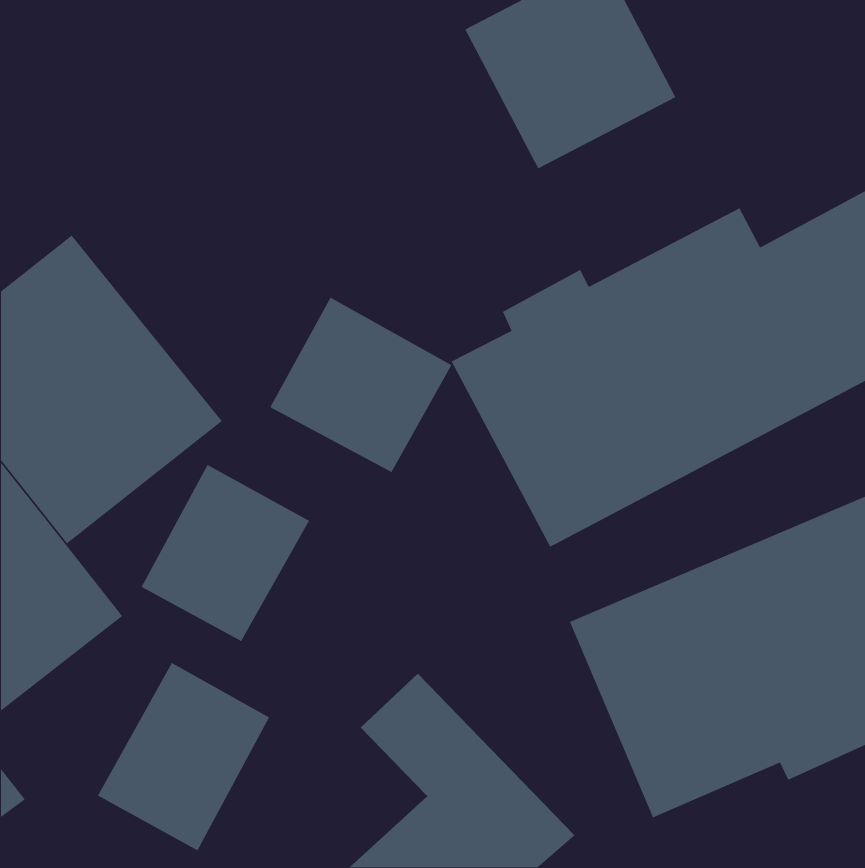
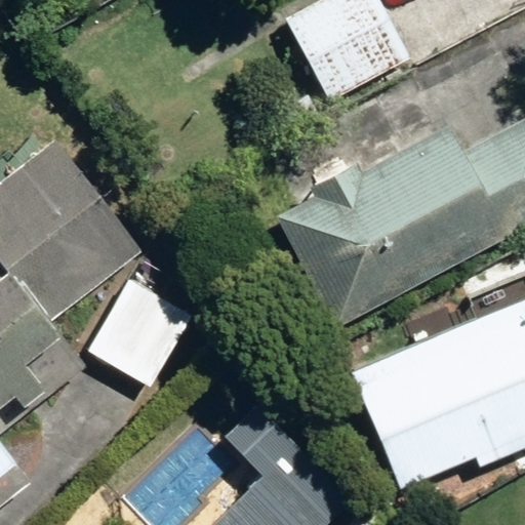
building: [269,296,452,473] -> none
building: [97,662,270,851] -> none

